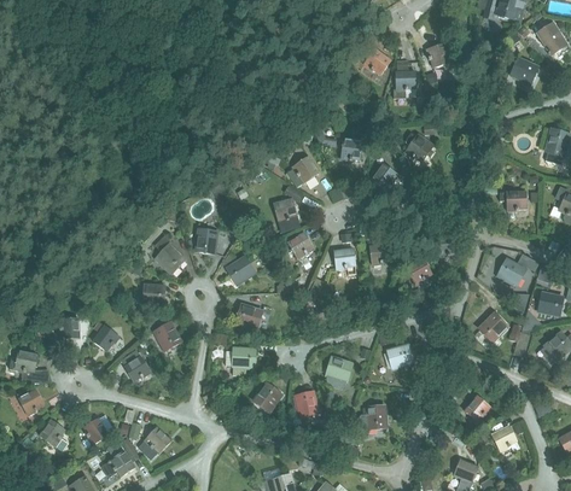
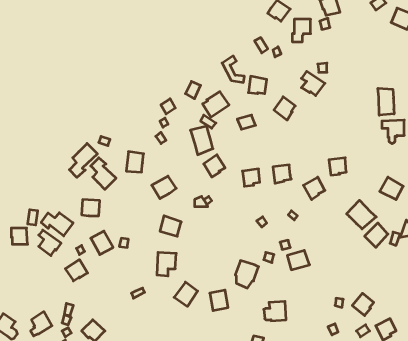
building: none -> [378,88,394,115]
building: none -> [69,143,97,177]
building: none -> [347,200,376,229]
building: none -> [41,213,73,236]

